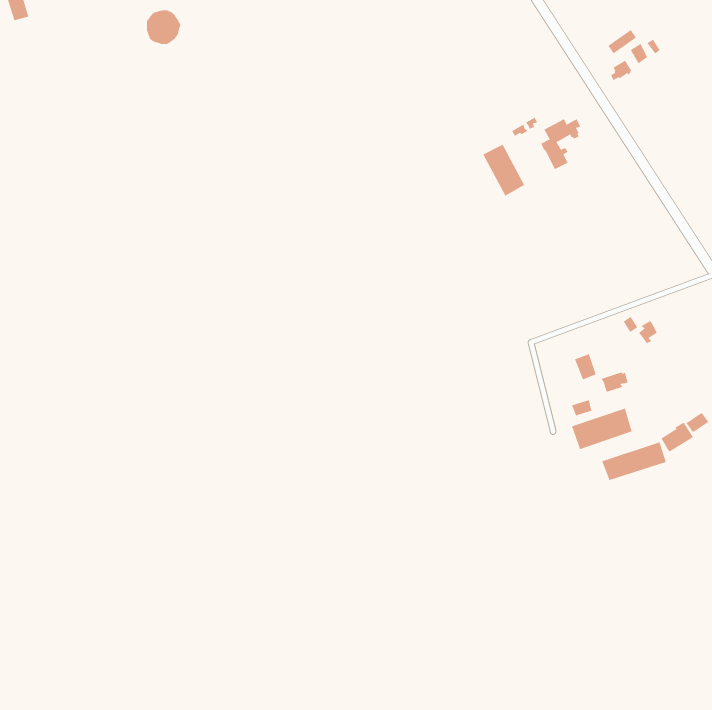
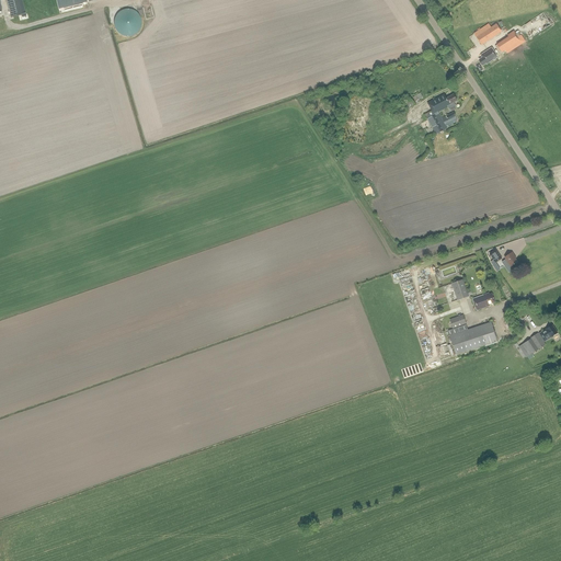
building: [483,144,525,197] -> none
building: [602,441,666,481] -> none

